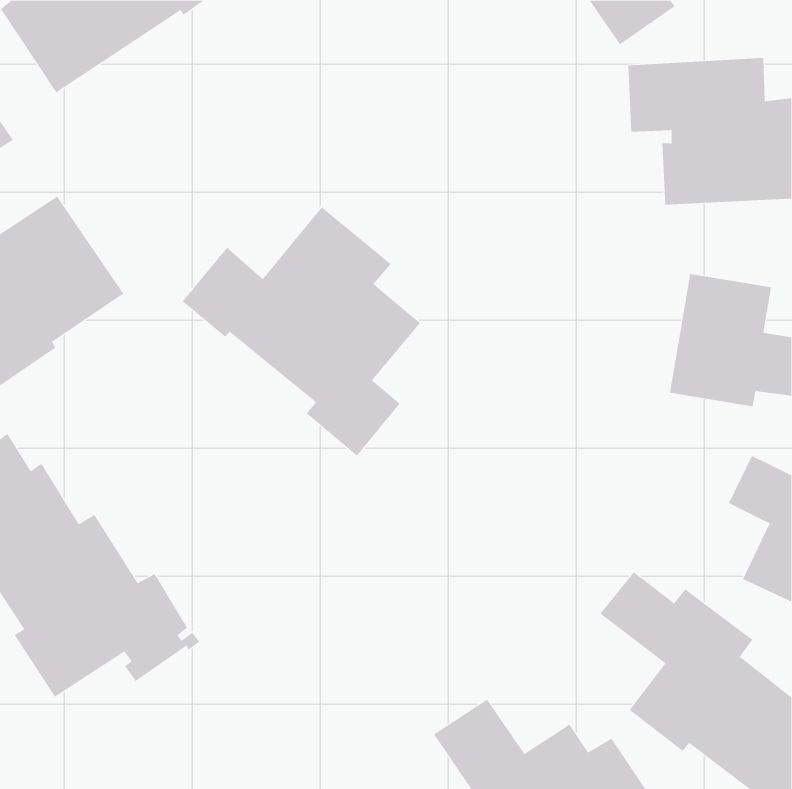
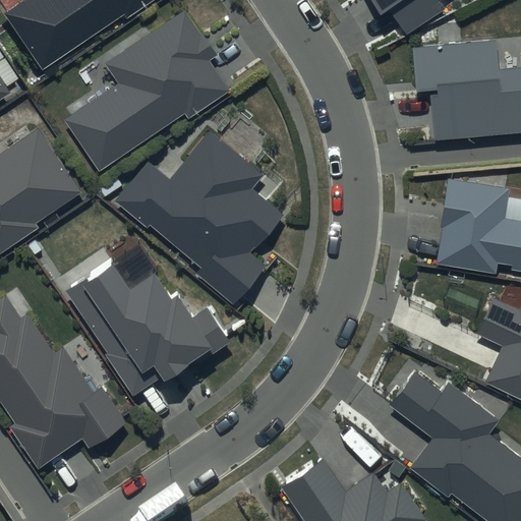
building: none -> [70,10,228,165]
building: none -> [65,262,235,400]

